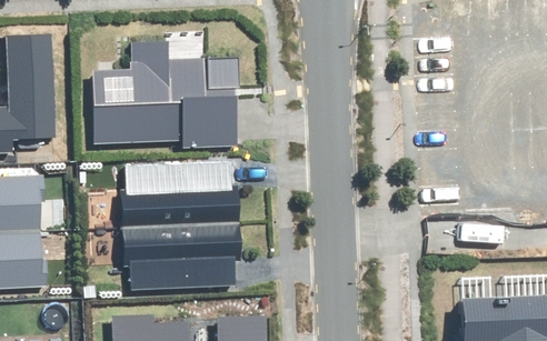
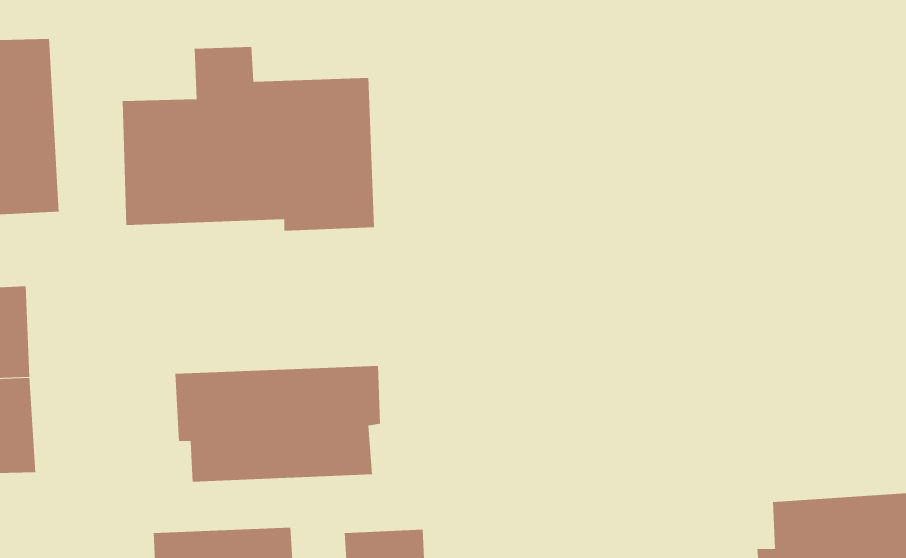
building: [121,160,239,228] -> none

